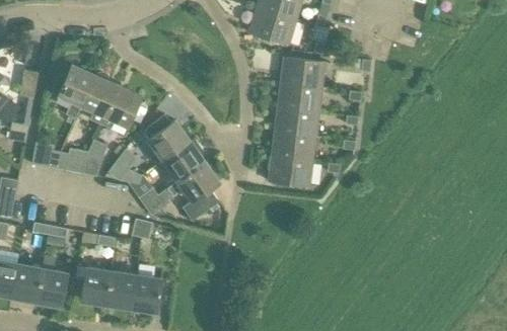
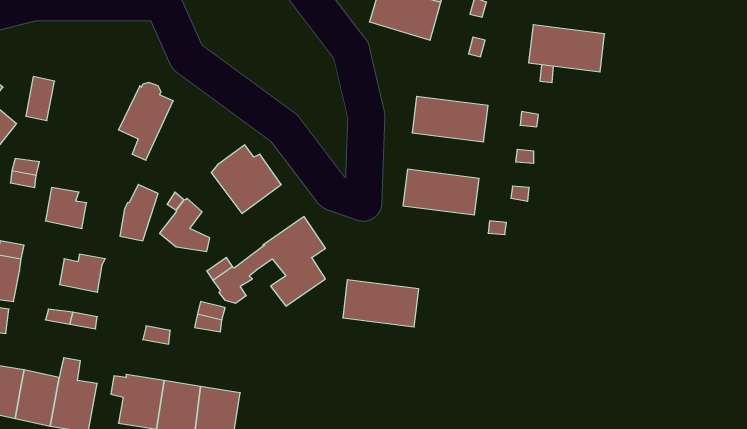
building: [279,57,330,88] -> [529,25,605,72]
building: [57,65,94,120] -> none
building: [98,85,140,130] -> none
building: [273,106,323,137] -> none
building: [162,141,204,181] -> none
building: [56,150,86,175] -> [60,254,105,292]
building: [267,155,317,186] -> [343,280,419,327]

